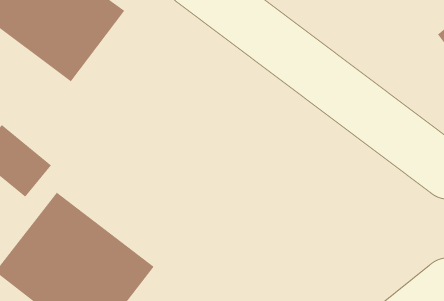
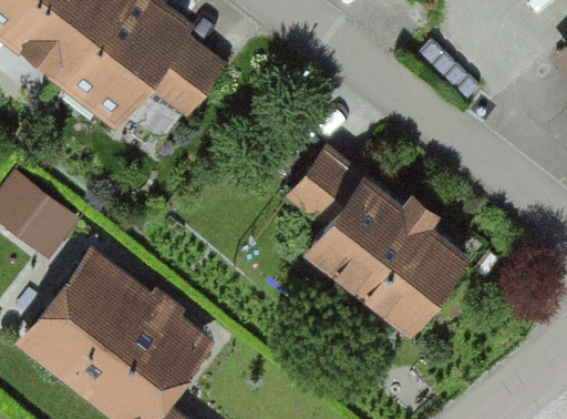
building: none -> [147,39,231,125]
building: none -> [301,176,472,338]

